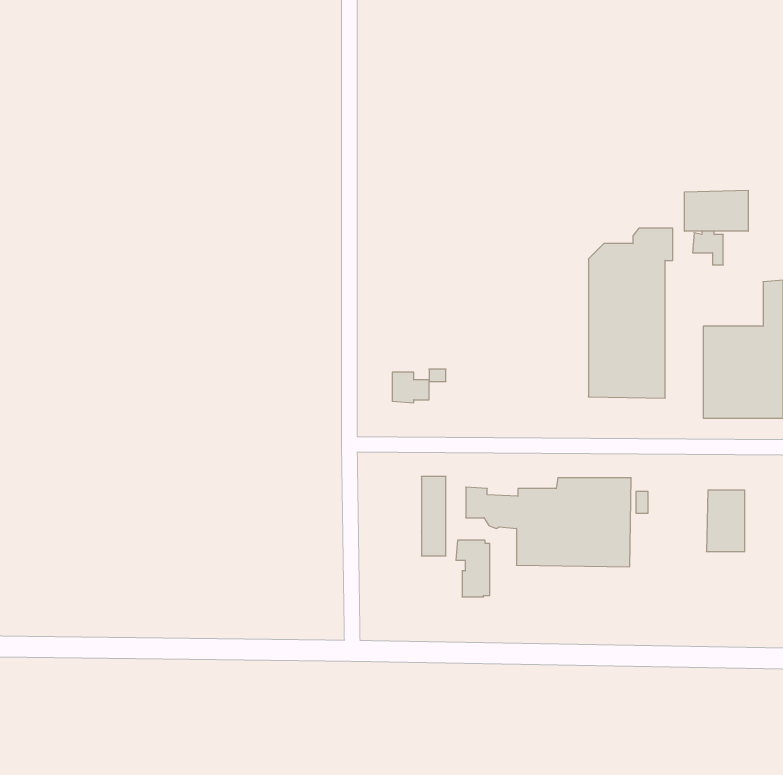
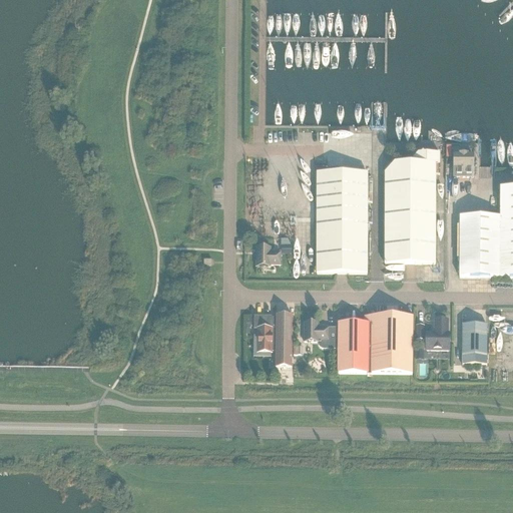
building: [685,190,748,231] -> none
building: none -> [317,165,368,270]
building: none -> [427,317,449,347]
building: [456,540,490,597] -> [253,312,276,349]

